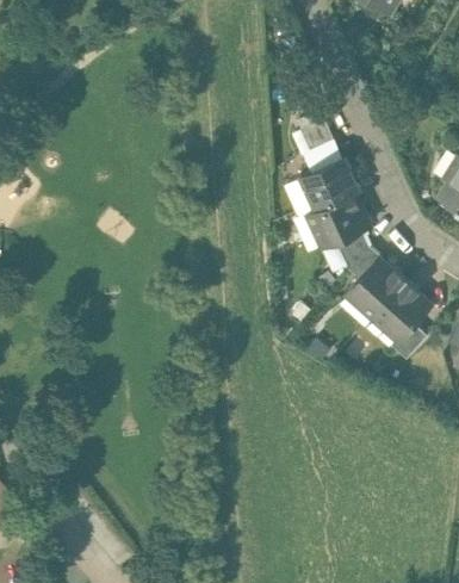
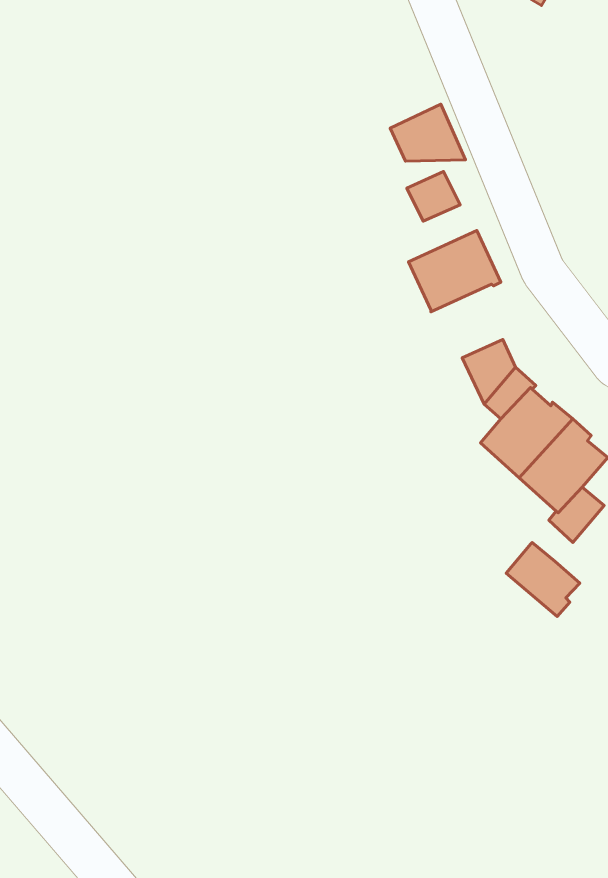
building: none -> [390,104,466,161]
building: [306,193,370,247] -> none
building: none -> [506,542,580,617]

